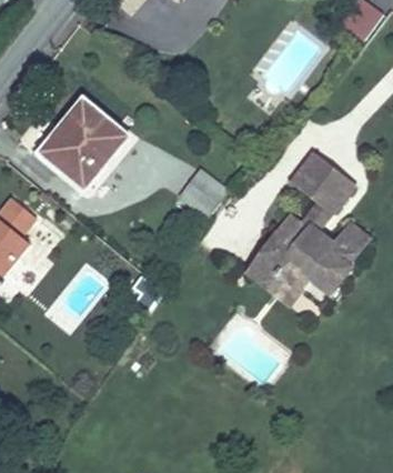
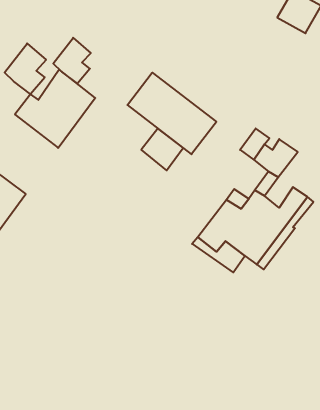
building: none -> [53,38,91,83]
building: none -> [5,43,46,94]
building: none -> [127,73,216,154]

